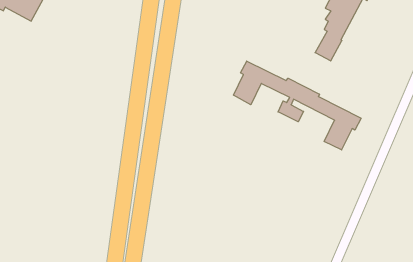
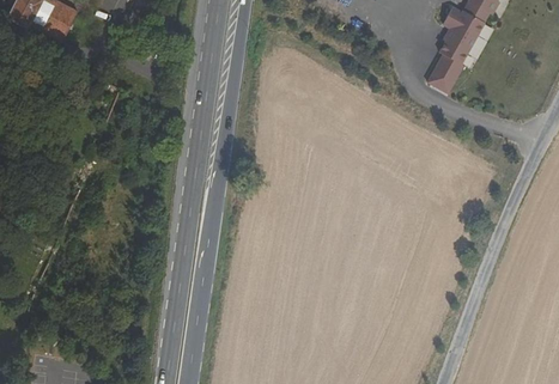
building: [234,61,361,150] -> none

